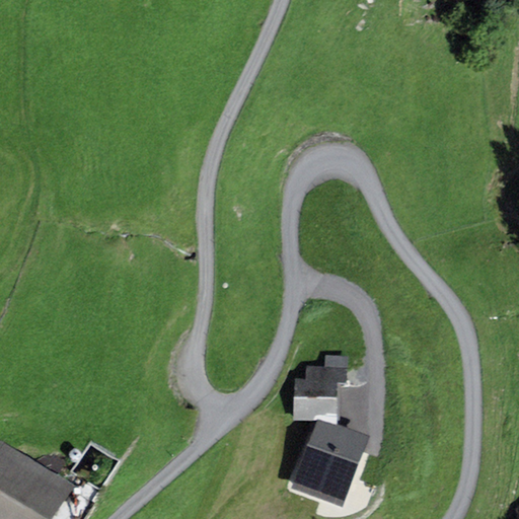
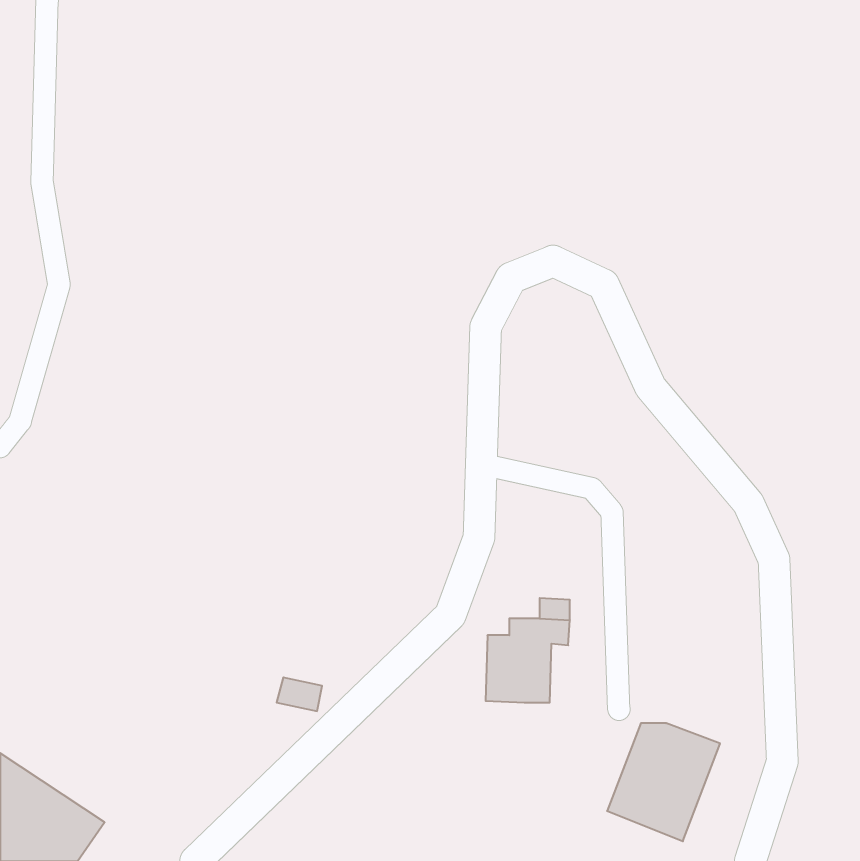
building: [296,423,364,494] -> [607,723,720,841]

